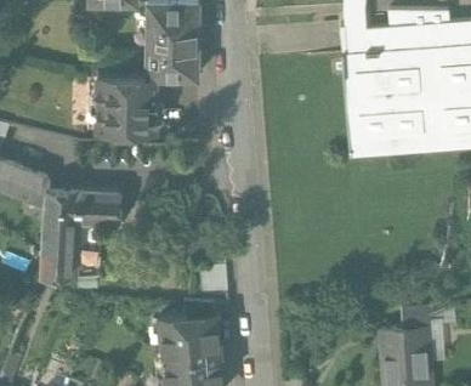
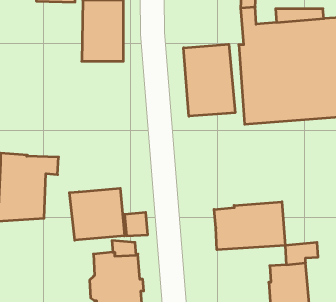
building: none -> [184,44,235,116]
building: [87,78,155,130] -> none
building: none -> [69,188,124,240]
building: none -> [214,202,285,250]

